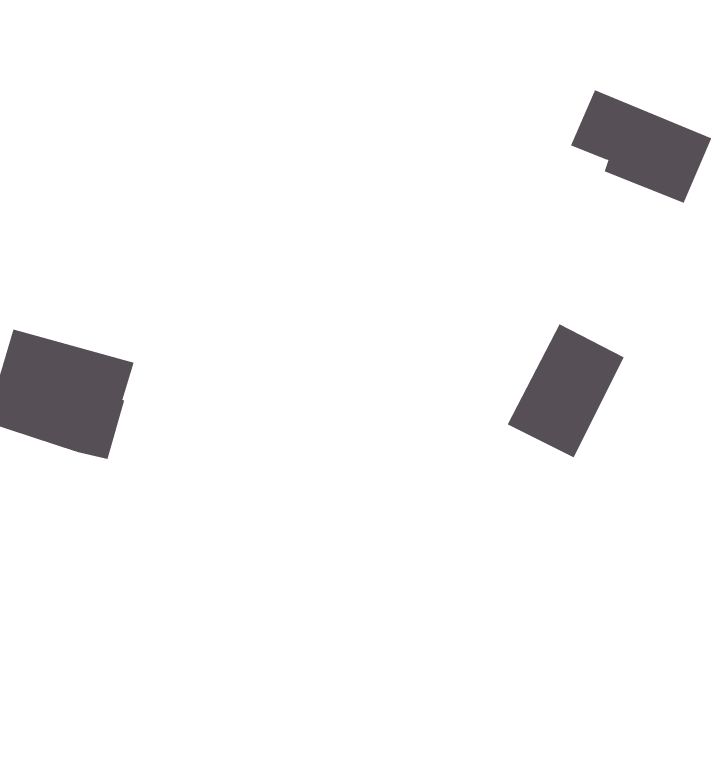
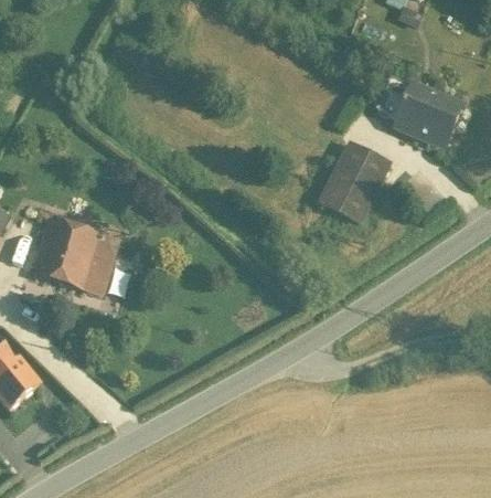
building: [507,324,625,458] -> [322,144,392,223]

